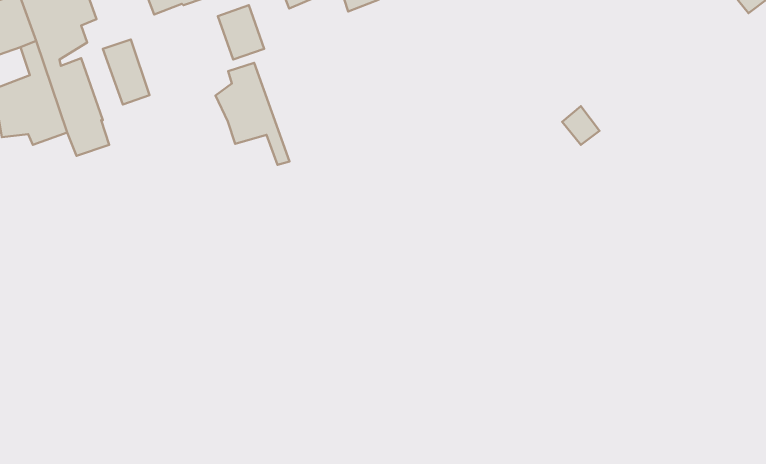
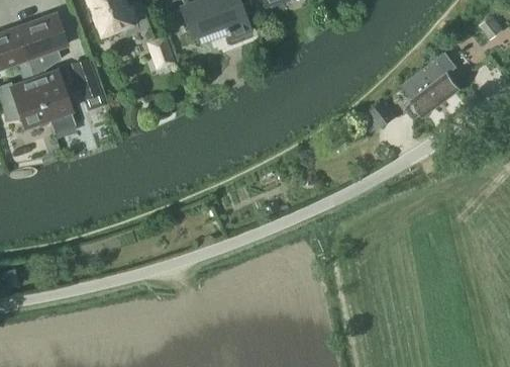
building: none -> [401,52,461,118]
building: [215,63,290,165] -> none

